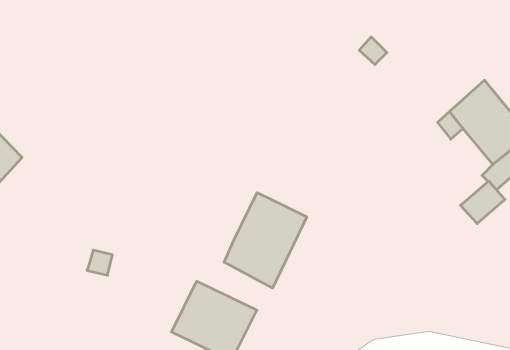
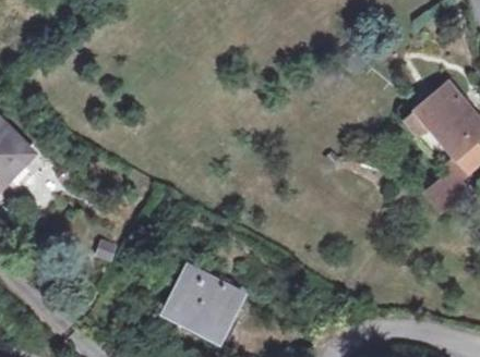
building: [224,193,307,288] -> none

